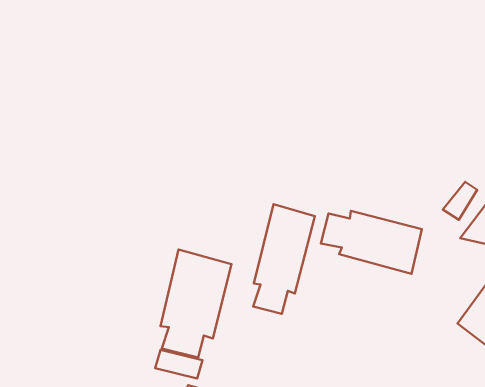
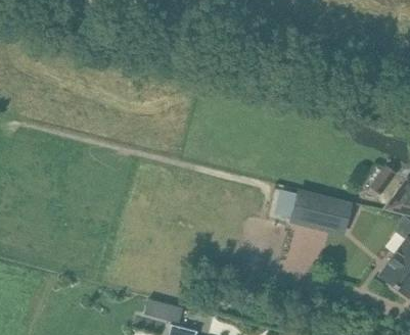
building: [253,204,315,314] -> none
building: [161,250,232,358] -> none

